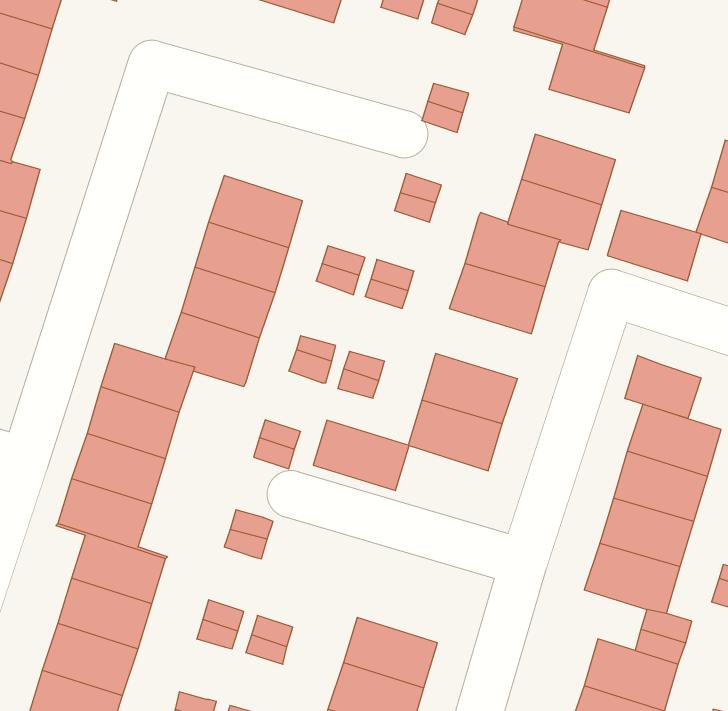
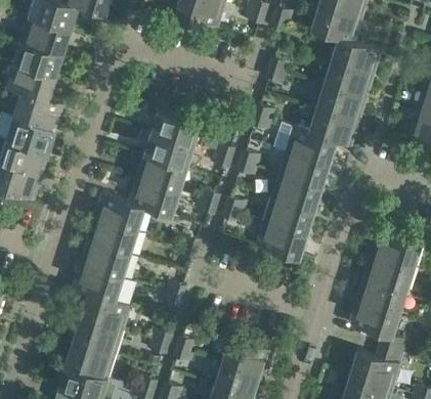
building: [607,210,701,281] -> [324,62,373,99]
building: [625,355,701,418] -> none
building: [313,420,409,491] -> [271,177,321,214]

